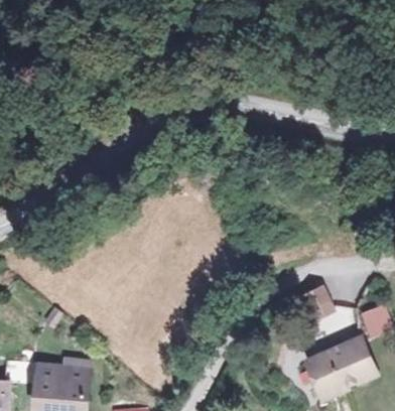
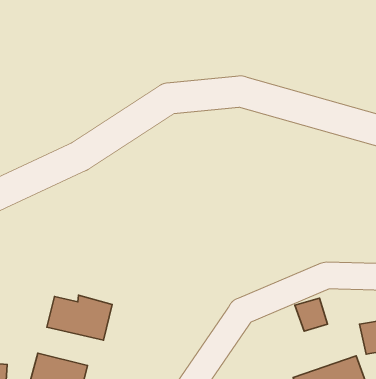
building: none -> [47,295,112,340]

